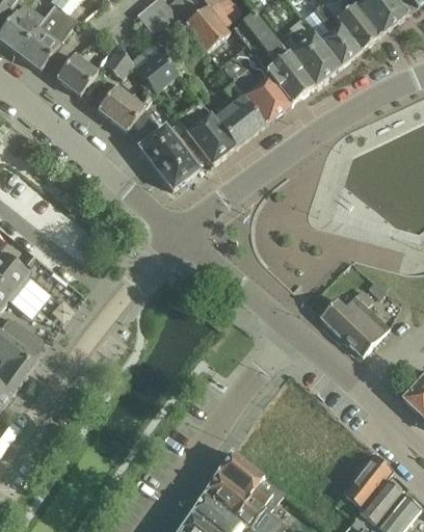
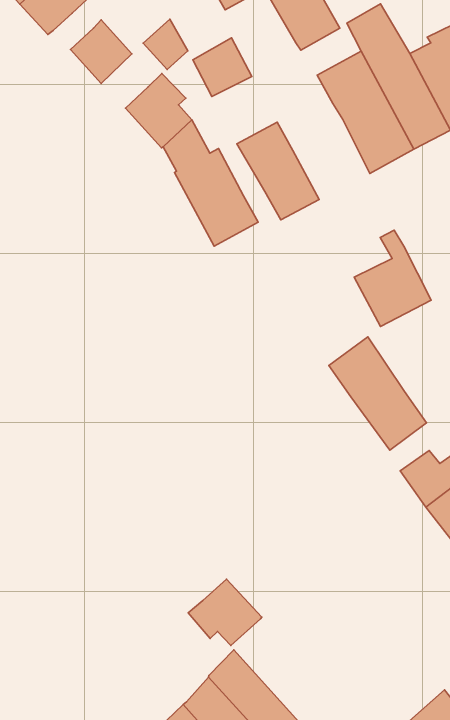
building: [213,81,266,145] -> [354,230,431,326]
building: none -> [329,337,427,450]
building: none -> [188,579,262,645]

